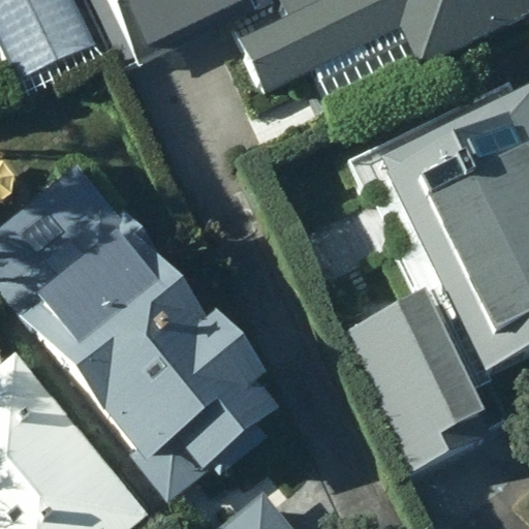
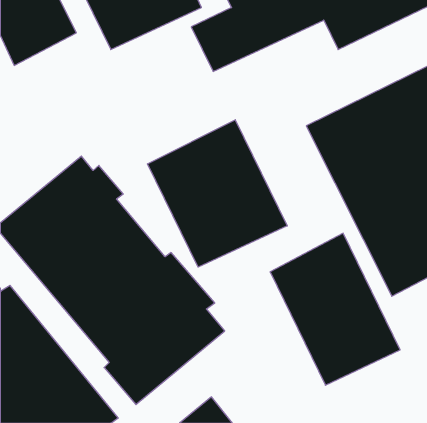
building: none -> [148,120,287,267]

